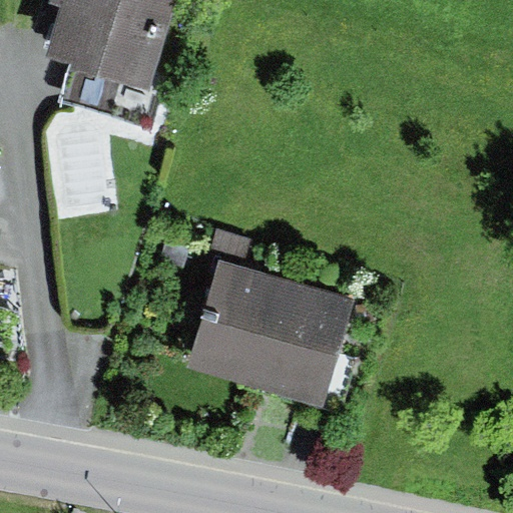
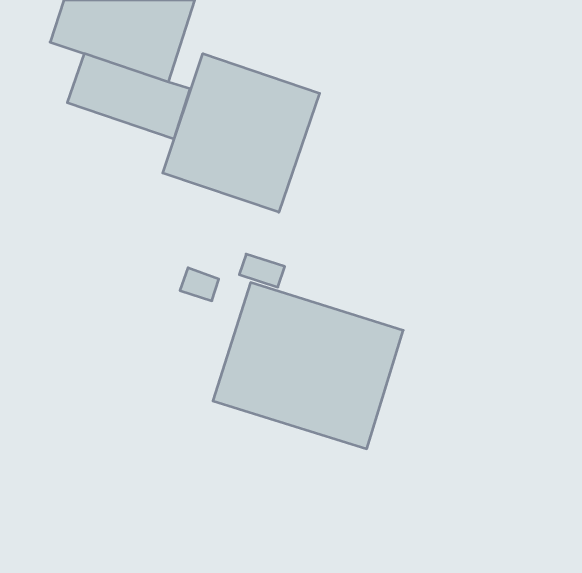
building: none -> [163,54,320,212]

